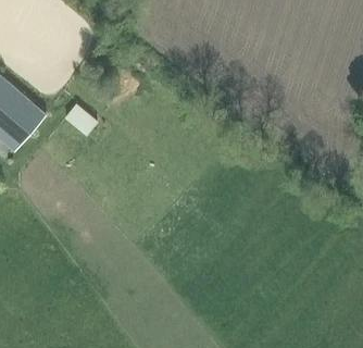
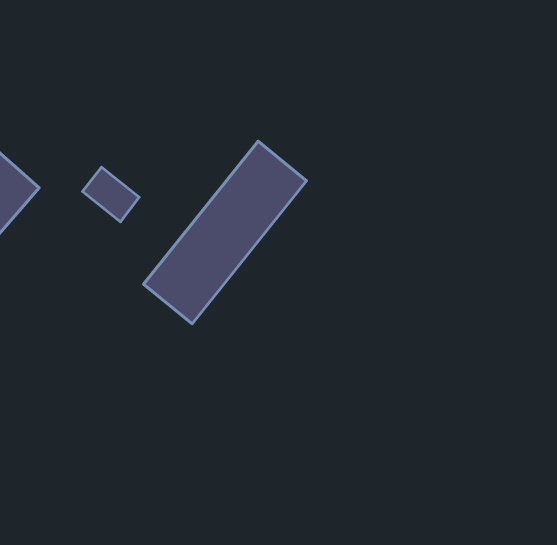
building: none -> [144,141,307,324]

